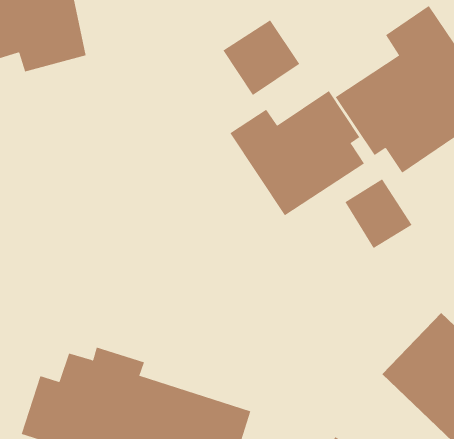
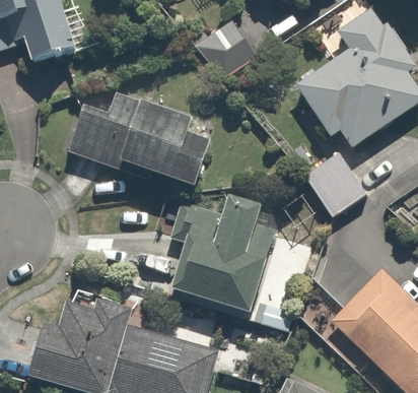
building: [230,90,365,216] -> none
building: none -> [63,93,202,192]
building: none -> [164,189,274,313]

